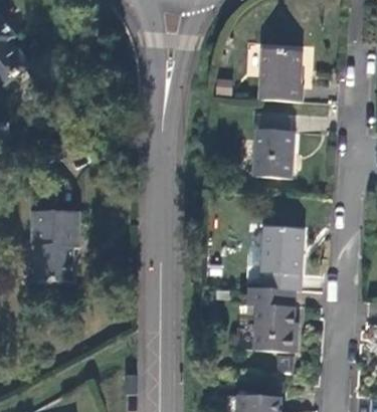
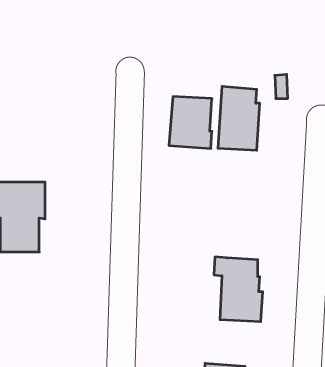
building: [259,48,303,100] -> [169,97,212,148]
building: [261,226,304,289] -> none

